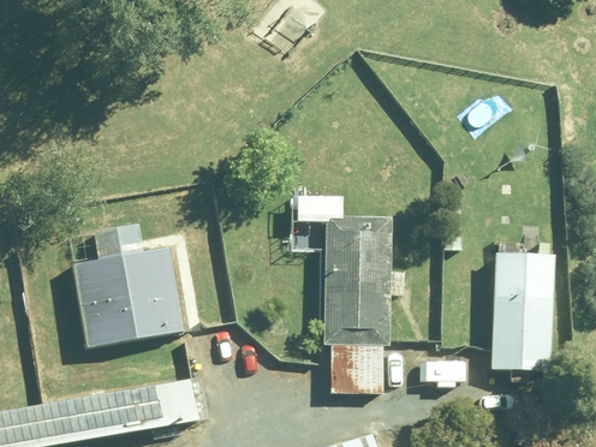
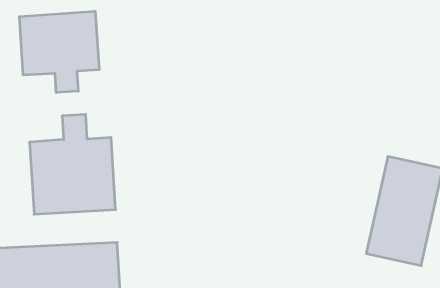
building: none -> [19,11,99,93]
building: [297,197,401,395] -> none

